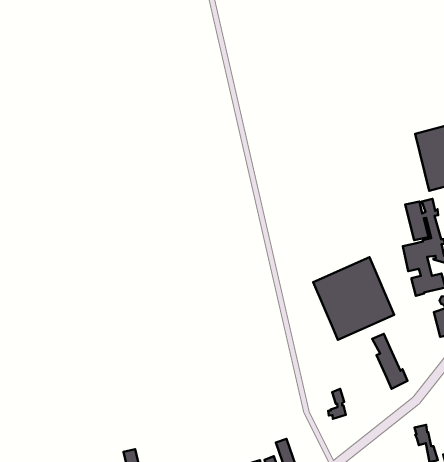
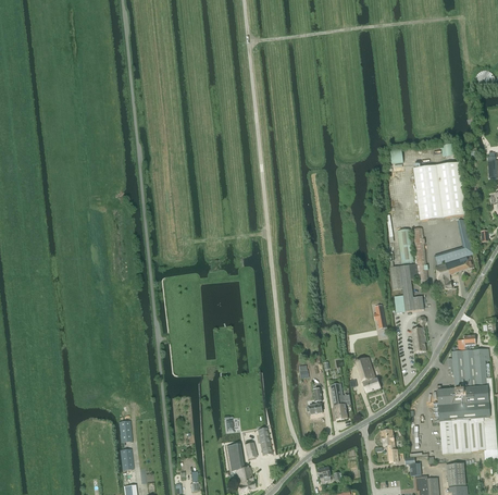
building: [313,257,394,340] -> none
building: none -> [331,383,351,419]

